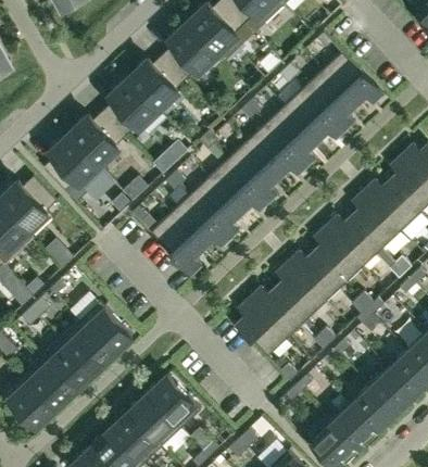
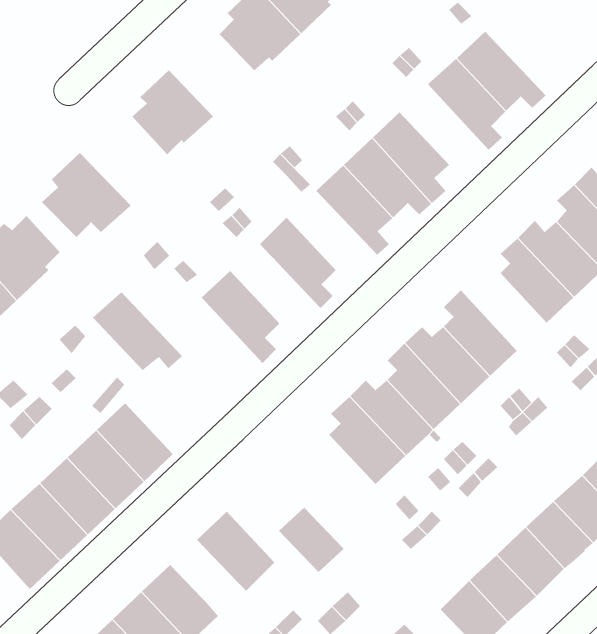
building: [129,54,187,110] -> none
building: [285,88,344,142] -> none
building: [70,110,128,169] -> none
building: [209,160,269,213] -> none
building: [171,195,231,249] -> [92,292,183,371]
building: [326,215,383,267] -> none
building: [130,394,175,439] -> [278,507,344,573]

